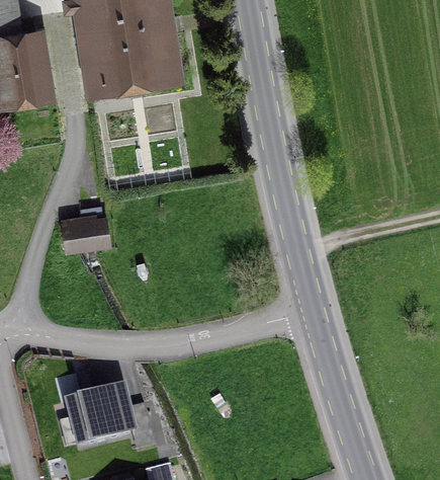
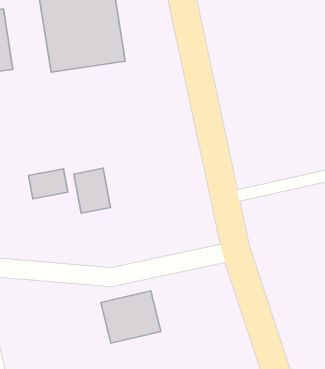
building: none -> [74,168,110,213]
building: [66,389,139,453] -> [101,291,161,343]

